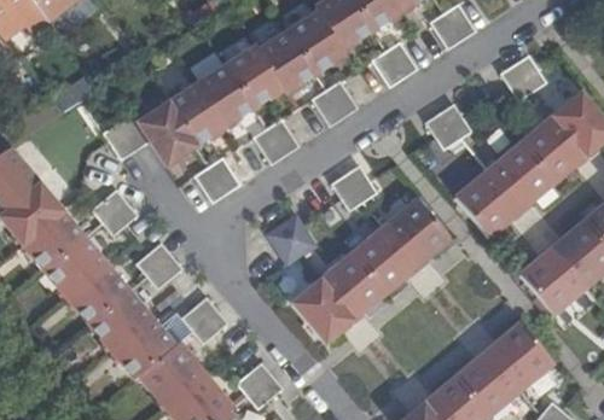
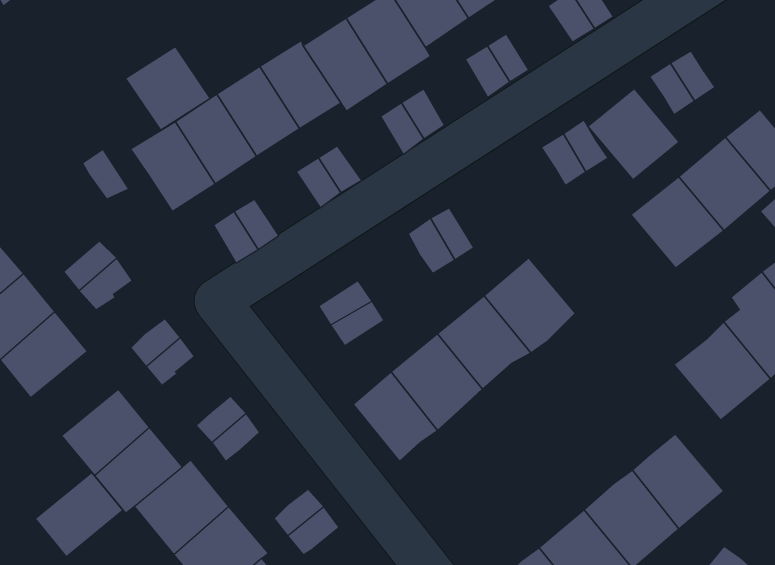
building: none -> [126,47,210,130]
building: [454,169,518,233] -> [588,88,679,180]
building: [66,264,128,323] -> [35,472,123,557]

